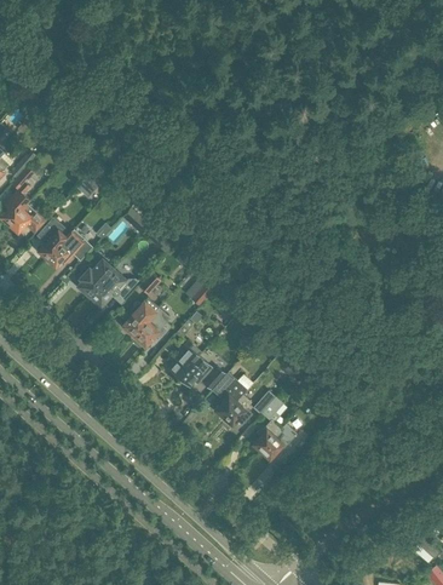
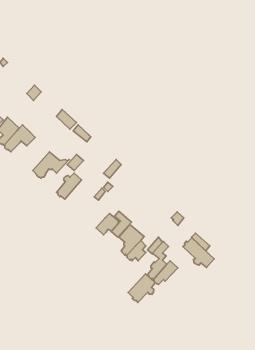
building: [76,260,113,297] -> none
building: [134,310,169,348] -> none
building: [169,343,201,379] -> none
building: none -> [183,238,214,267]
building: none -> [128,274,155,302]

